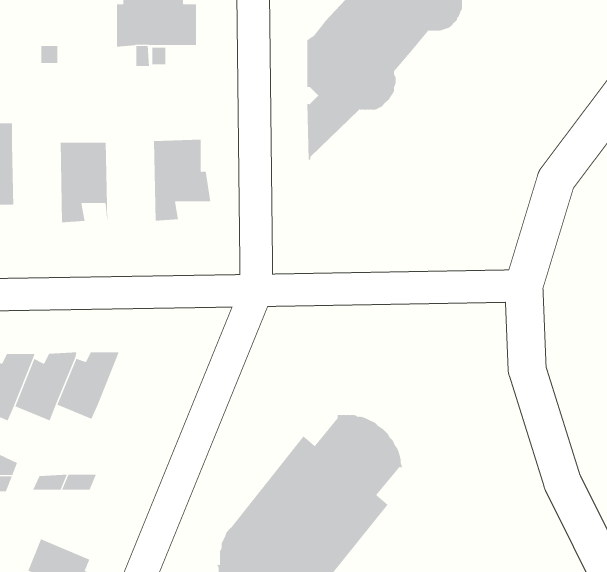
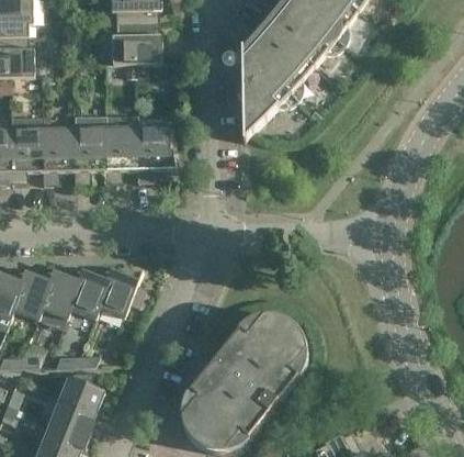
building: none -> [104,114,137,183]
building: none -> [41,130,73,185]
building: none -> [99,271,145,319]
building: none -> [59,374,102,414]

